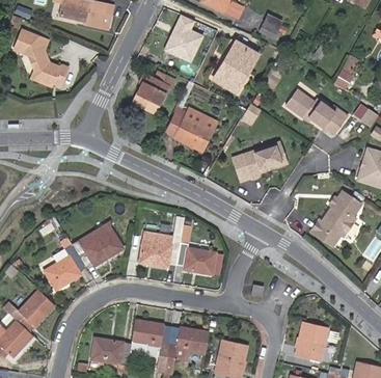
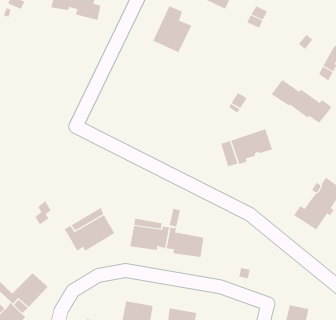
building: [15,30,67,87] -> none
building: [214,42,260,92] -> none
building: [134,73,175,113] -> none
building: [168,108,213,152] -> none
building: [45,241,86,291] -> none

